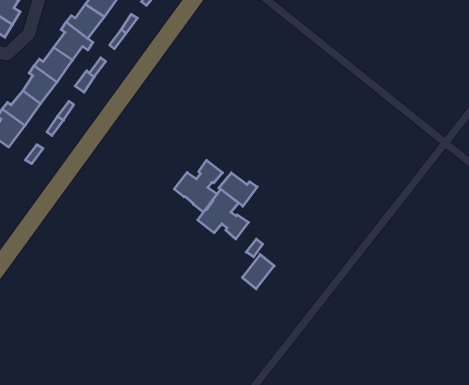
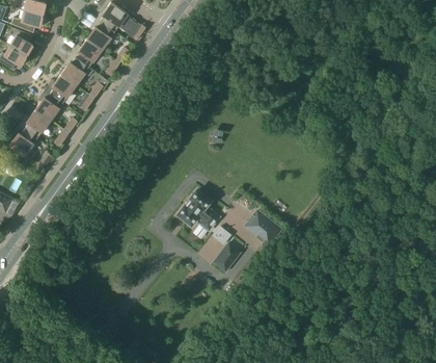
building: [174,160,223,212] -> none
building: [219,173,257,206] -> none
building: none -> [245,212,279,245]

